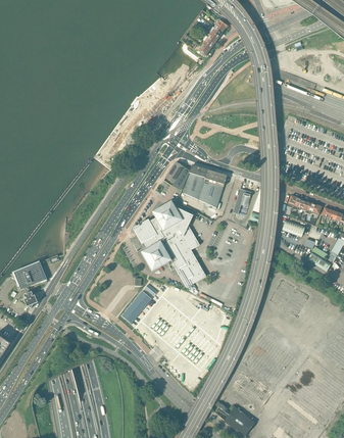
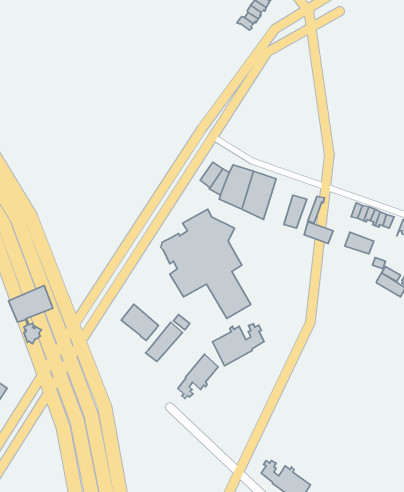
building: none -> [121,304,159,340]
building: none -> [212,324,264,366]
building: none -> [178,354,218,398]

